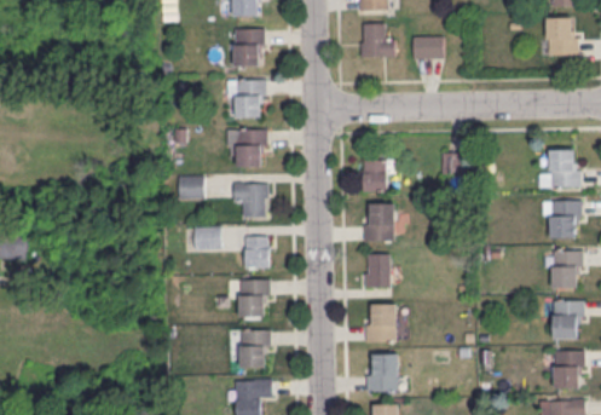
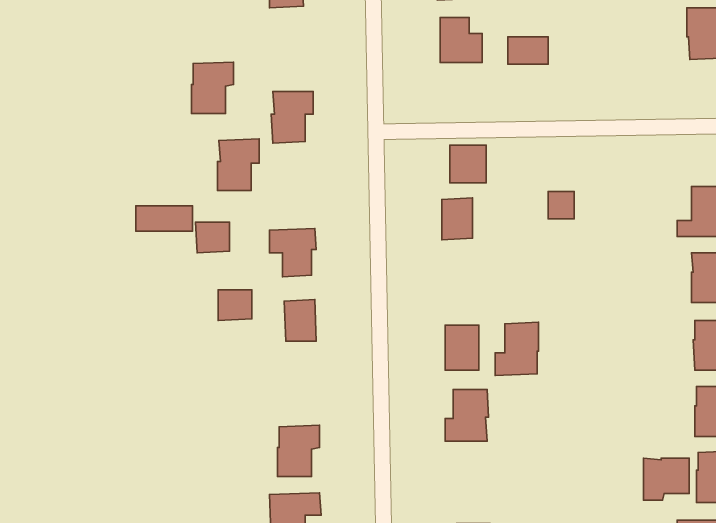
building: [233,28,265,67] -> [192,62,233,114]
building: none -> [450,145,486,183]
building: [236,129,267,168] -> [217,139,259,190]
building: none -> [136,206,192,231]
building: [363,202,395,242] -> [495,322,539,375]
building: [238,279,270,318] -> none
building: [366,353,399,393] -> none
building: none -> [643,458,689,500]

